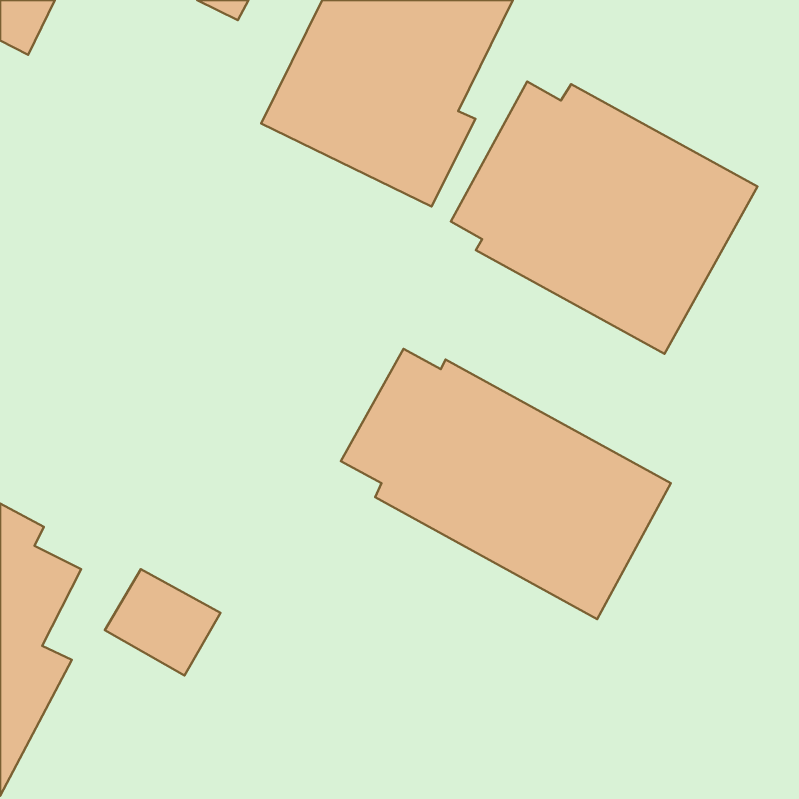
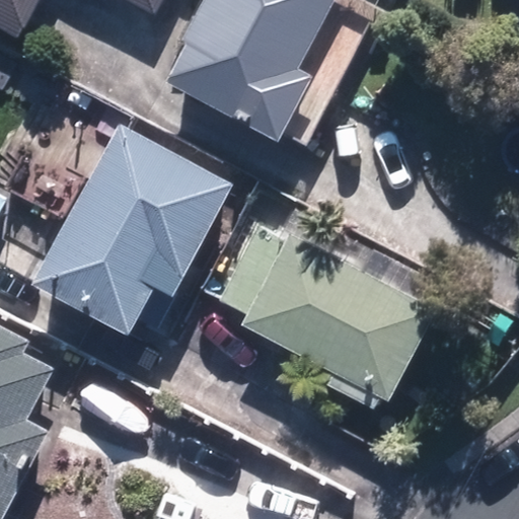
building: [451,81,757,354] -> none
building: none -> [33,126,228,335]

